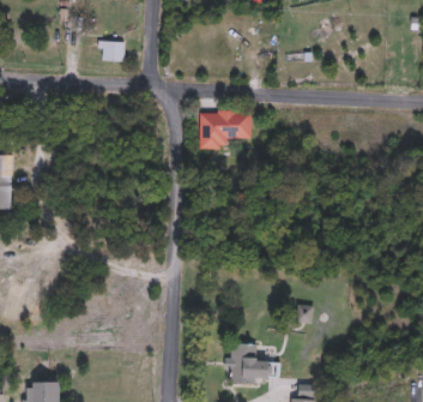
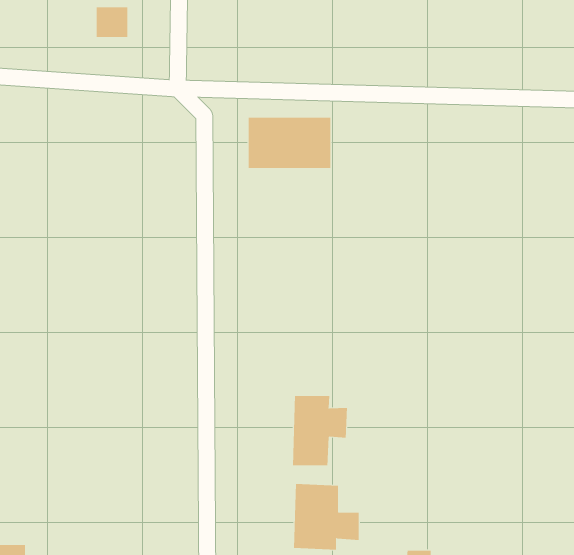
building: none -> [292,395,348,466]

